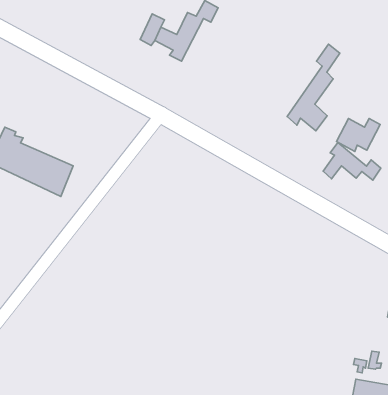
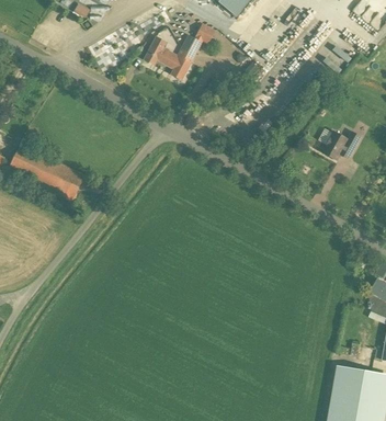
building: [287,44,340,131] -> none
building: [323,142,381,180] -> none

